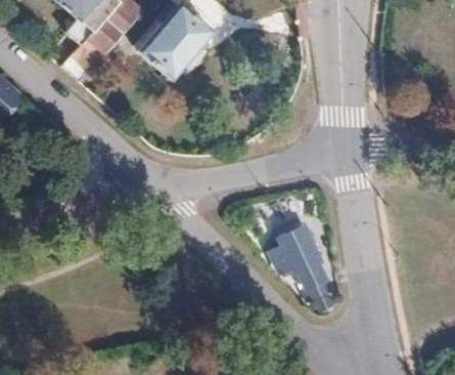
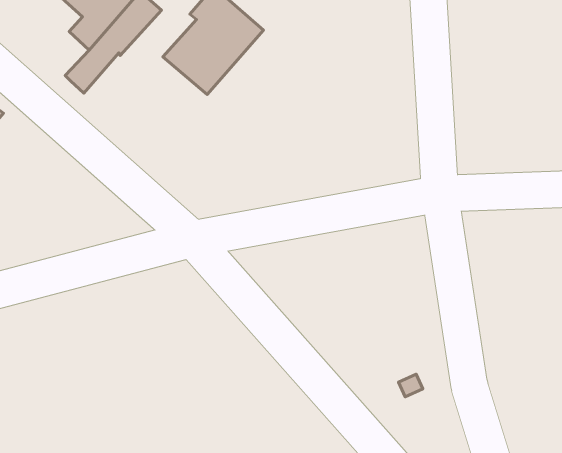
building: [270,226,333,299] -> none

